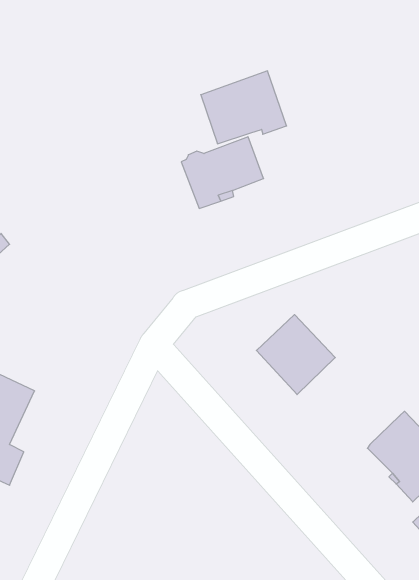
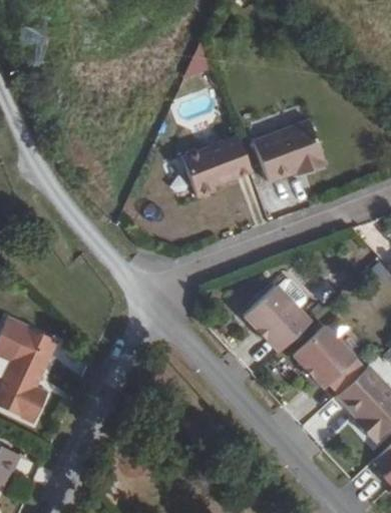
building: [201,71,287,144] -> [252,118,324,179]
building: none -> [292,323,363,391]

